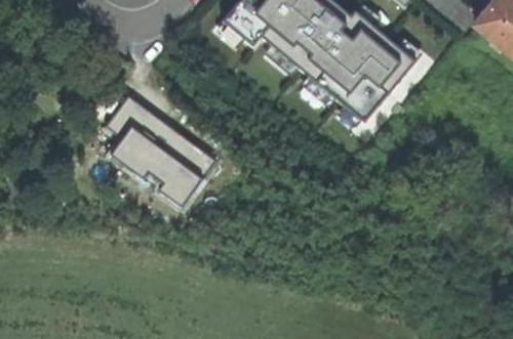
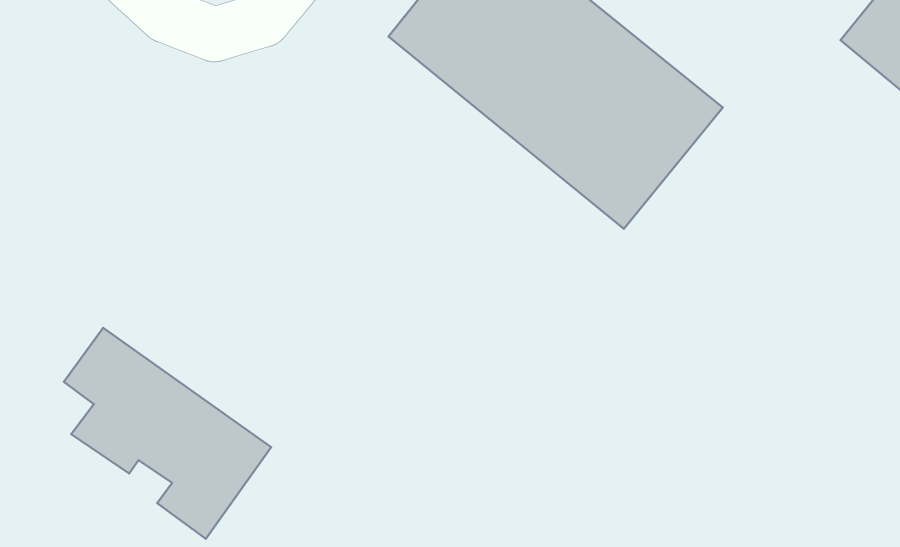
building: [109,92,223,208] -> [64,328,271,539]

